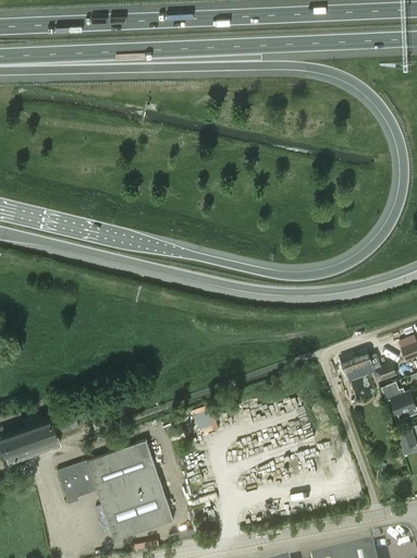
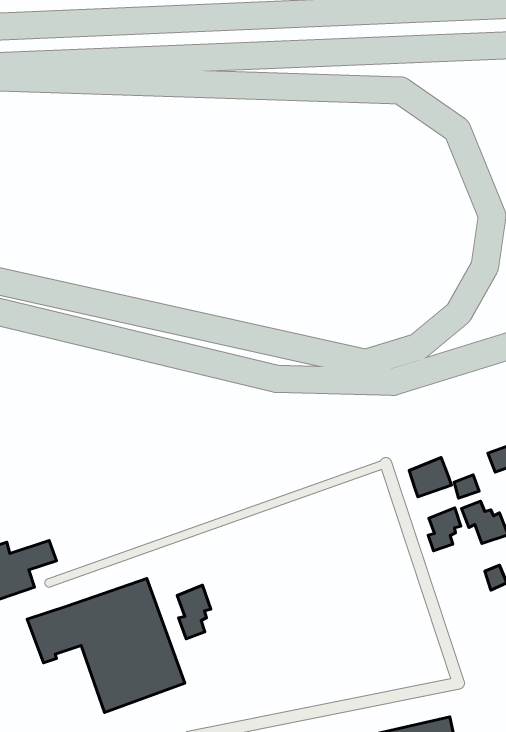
building: none -> [428,508,461,551]
building: none -> [177,585,211,639]

